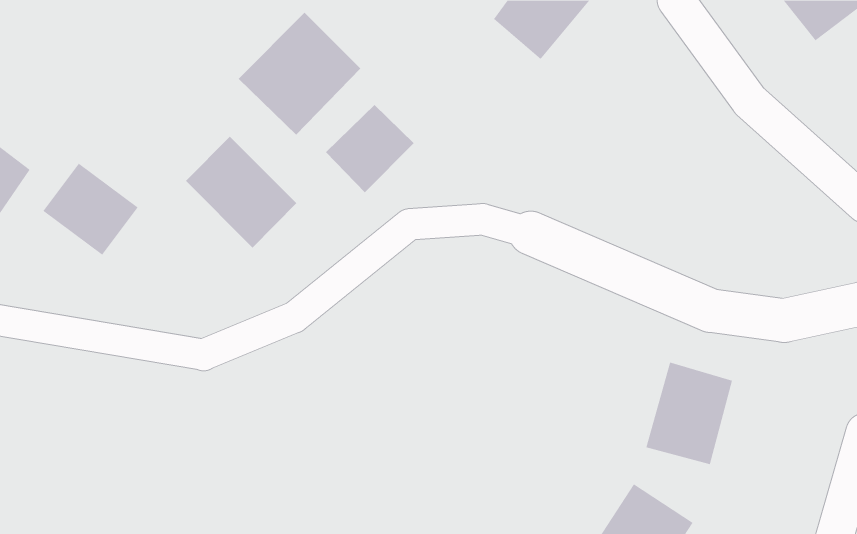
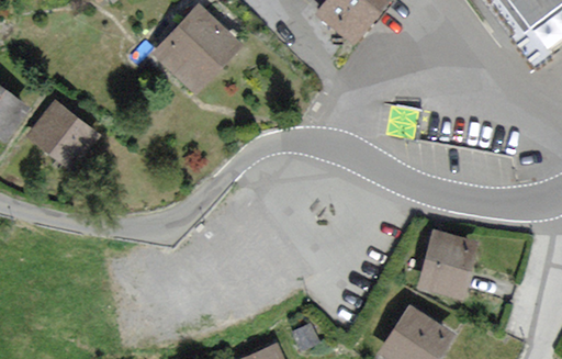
building: [325,104,415,193] -> none
building: [185,136,297,249] -> none

